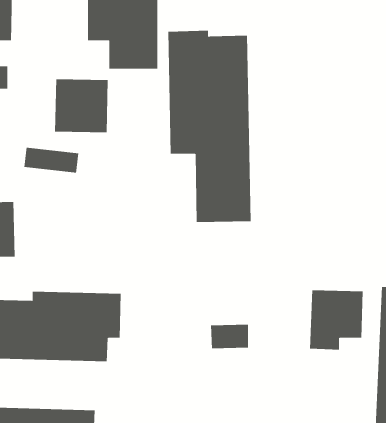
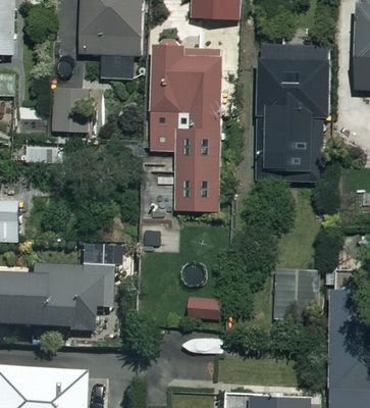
building: none -> [254,43,330,183]

